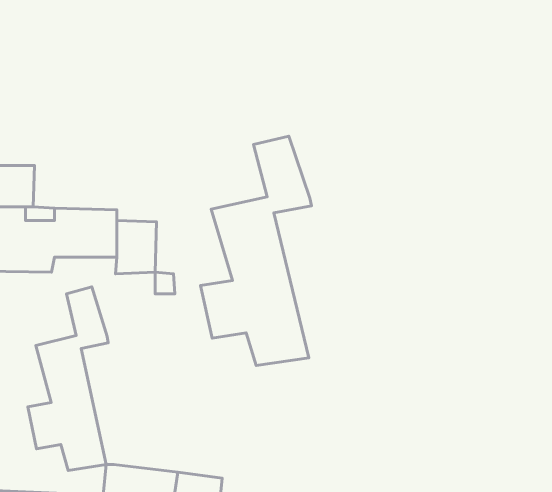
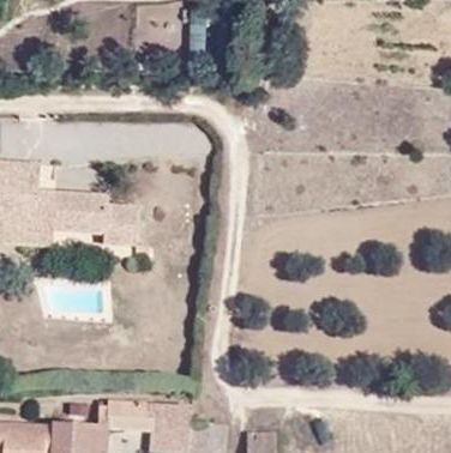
building: [200,136,311,365] -> none
building: [28,287,108,471] -> none

